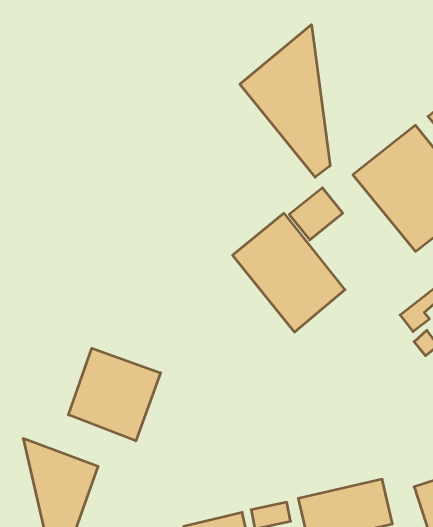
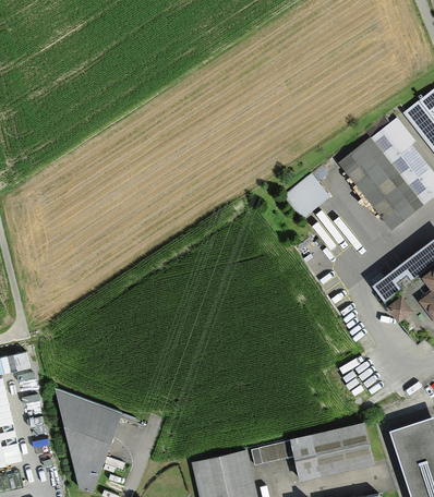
building: [240,25,330,177] -> none
building: [233,213,345,332] -> none
building: [68,348,161,441] -> none

